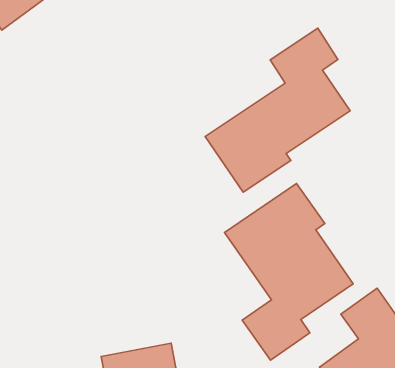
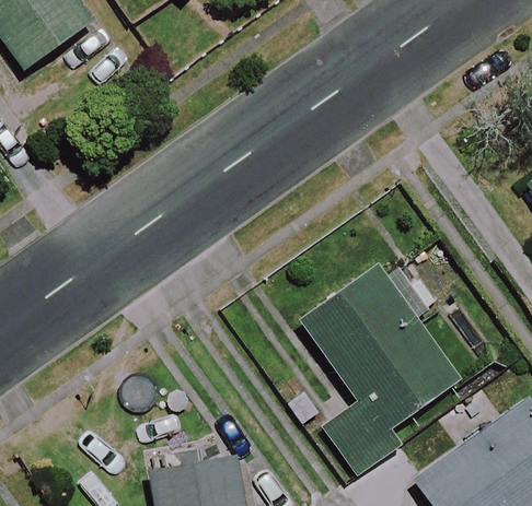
building: [205,28,350,192] -> none

